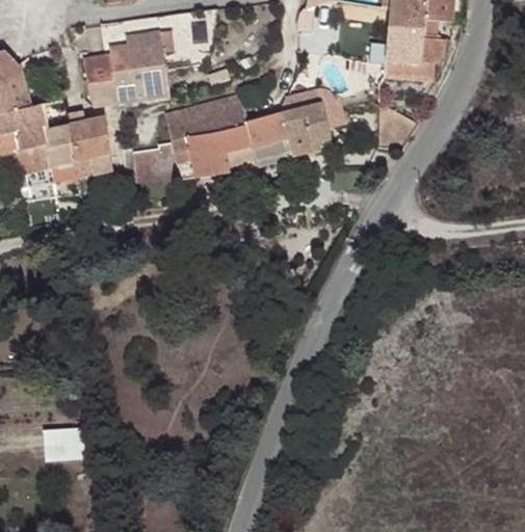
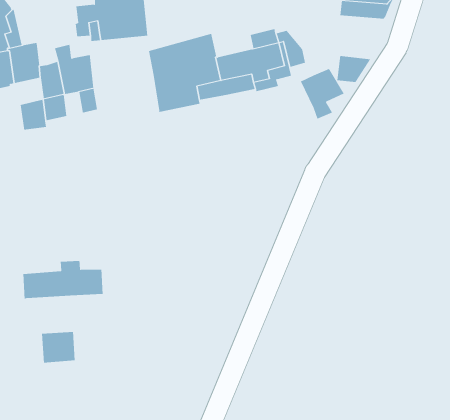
building: none -> [300,68,344,120]
building: [124,139,180,187] -> none
building: [15,142,51,174] -> none
building: none -> [23,260,103,299]

